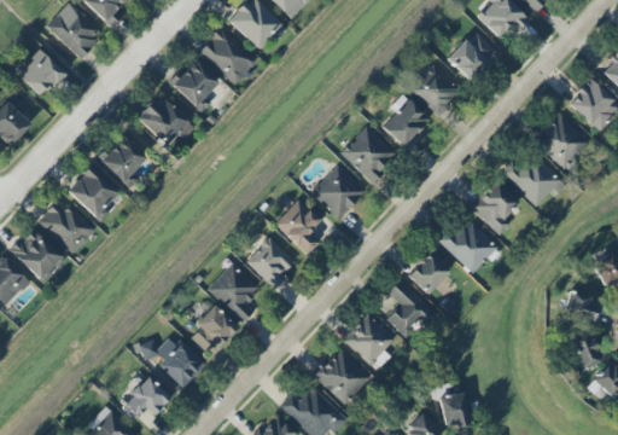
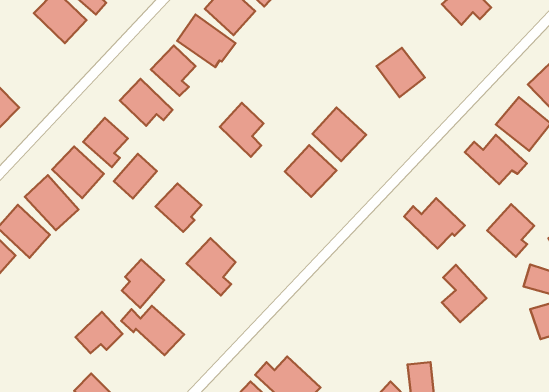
building: [447,31,497,82] -> none
building: [17,51,65,98] -> none
building: [380,98,428,147] -> none
building: none -> [114,154,157,199]
building: [470,180,519,236] -> [487,204,534,257]
building: [275,199,321,256] -> [220,103,264,157]
building: [246,238,295,289] -> [156,184,201,232]
building: [407,251,450,295] -> none
building: [386,279,433,340] -> [442,265,487,322]
building: [192,306,237,356] -> [122,260,164,308]
building: [344,314,396,371] -> none
building: [315,349,372,405] -> none
building: [121,376,170,419] -> [76,312,123,353]

